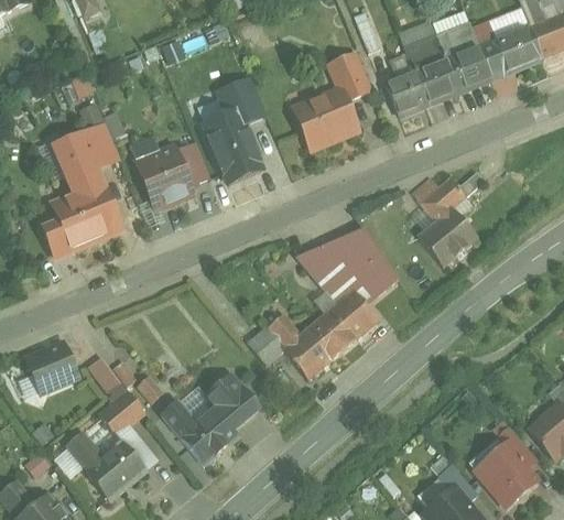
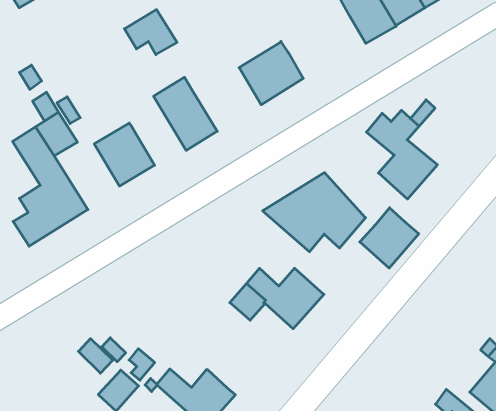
building: [329,54,369,100] -> none
building: [387,73,425,115] -> none
building: [216,78,267,123] -> [124,10,177,55]
building: [176,142,208,184] -> none
building: [318,289,379,349] -> [360,208,419,268]
building: [25,343,78,391] -> none
building: [205,375,258,429] -> none

